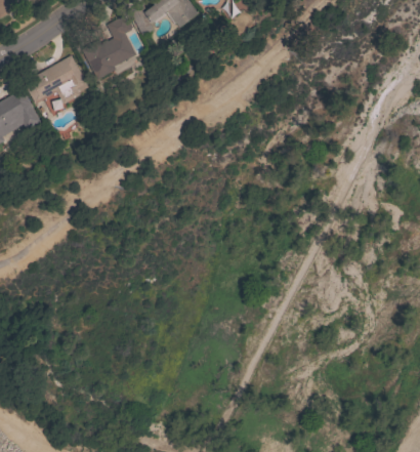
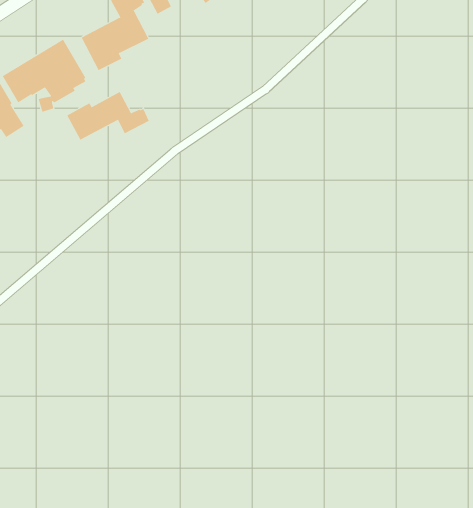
building: none -> [67,91,149,141]

